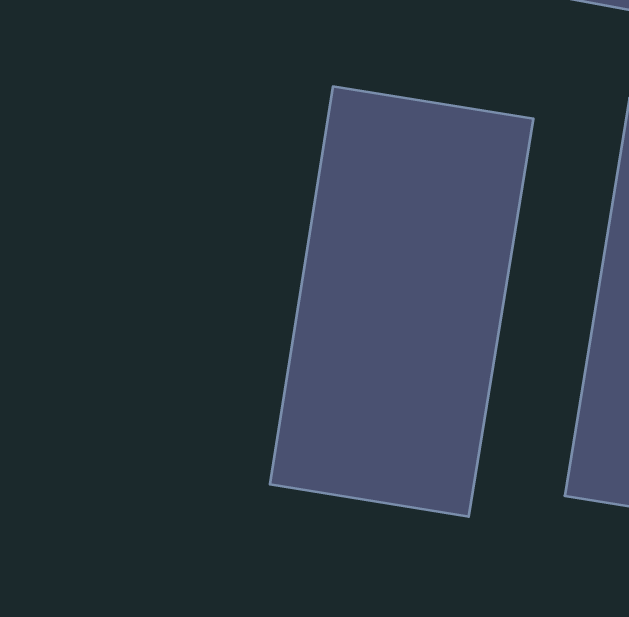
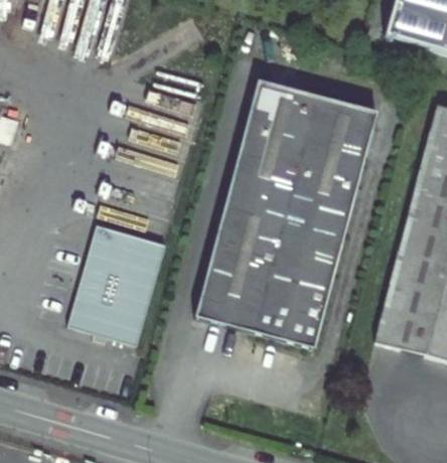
building: none -> [69,227,166,344]

